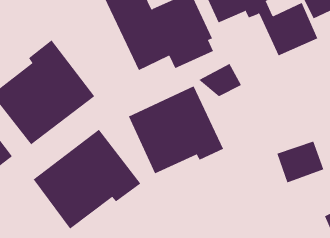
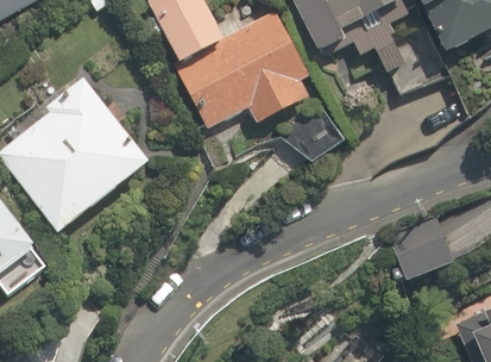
building: [128,85,224,174] -> none
building: [33,129,141,229] -> none

